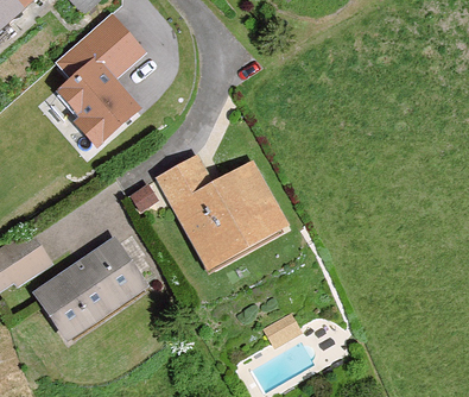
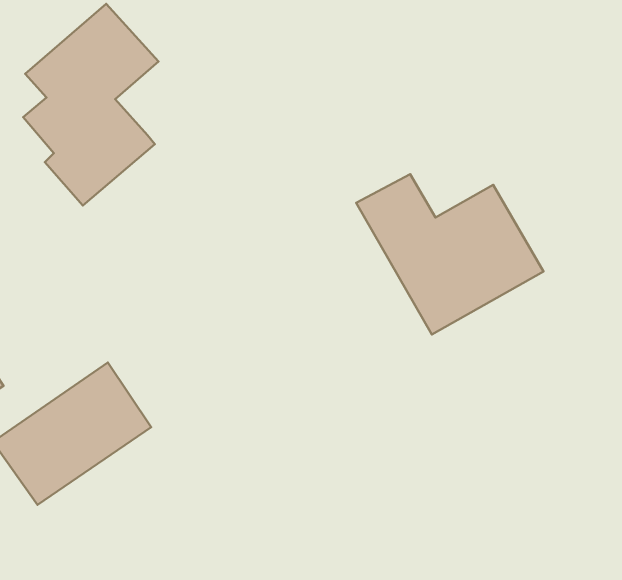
building: [159,165,283,271] -> [356,174,544,335]

